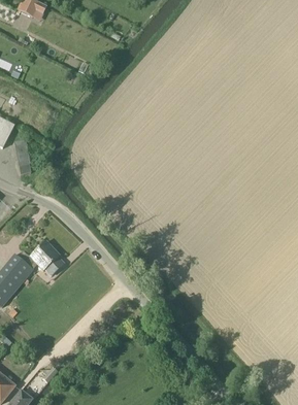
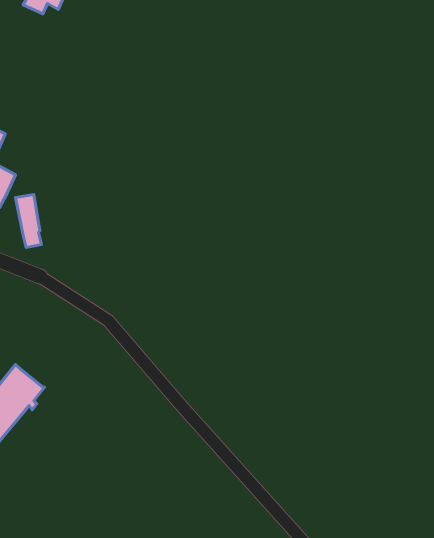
building: [16,241,64,276] -> none

